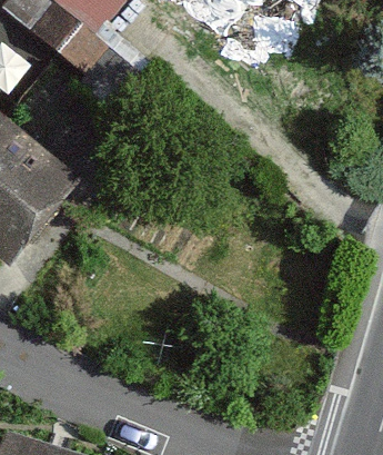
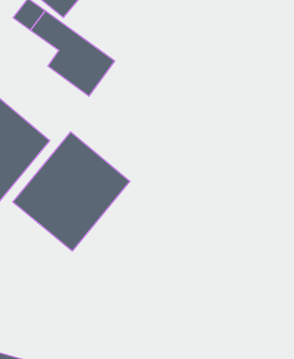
building: none -> [13,132,130,251]

